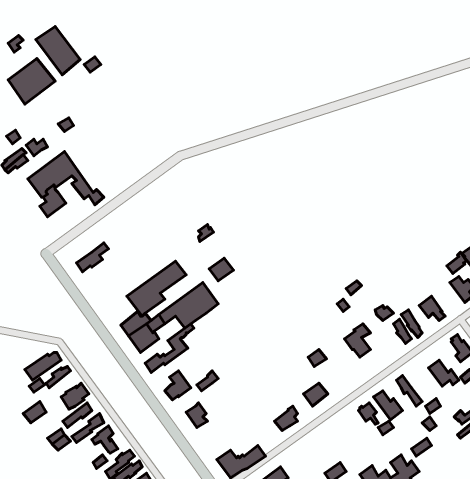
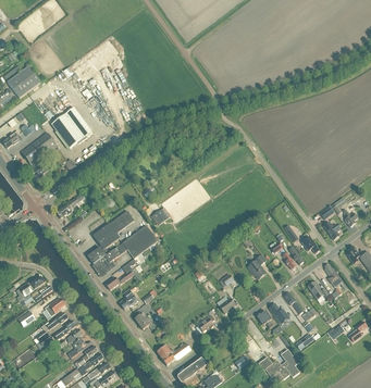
building: [36,26,80,75] -> none
building: none -> [50,107,91,148]

